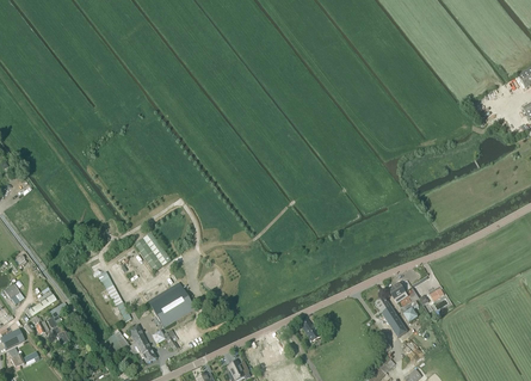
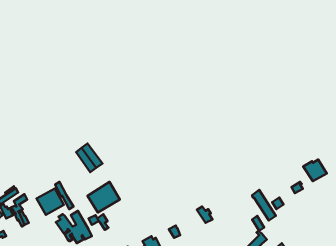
building: [387,279,419,309] -> [303,159,327,181]
building: none -> [36,189,64,215]

